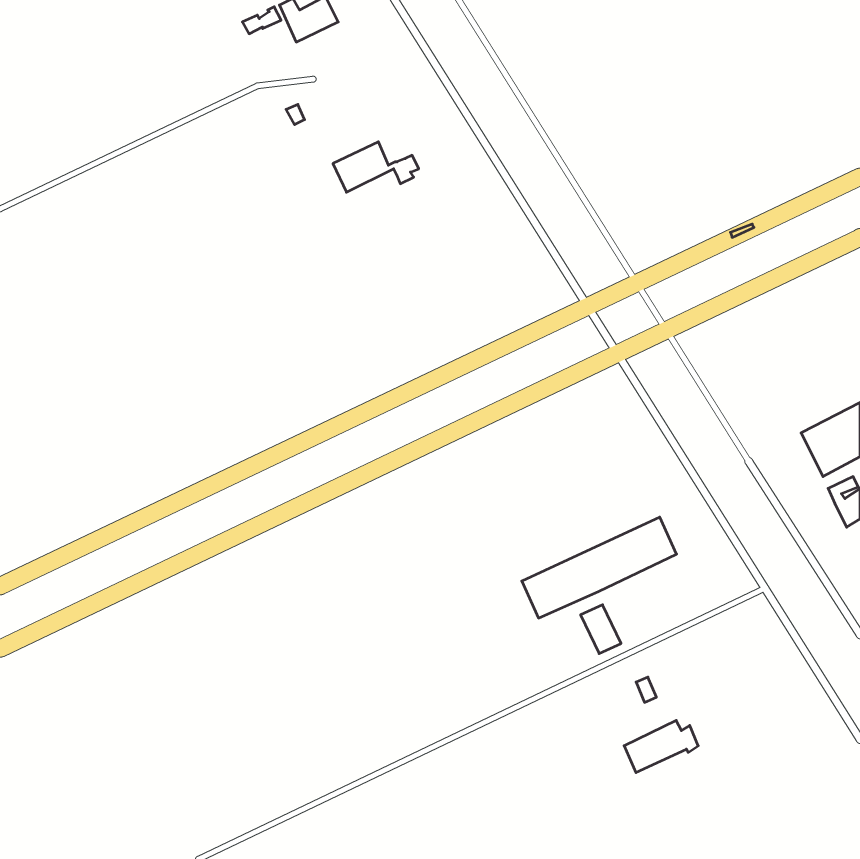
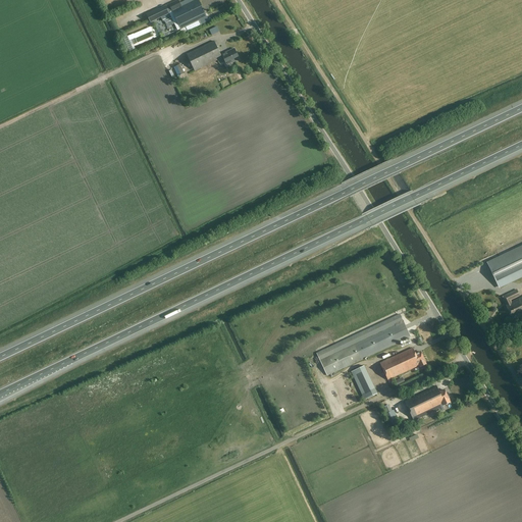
building: [333,142,419,192] -> [187,40,239,70]
building: none -> [380,348,426,379]
building: [624,720,698,773] -> [405,385,450,417]

